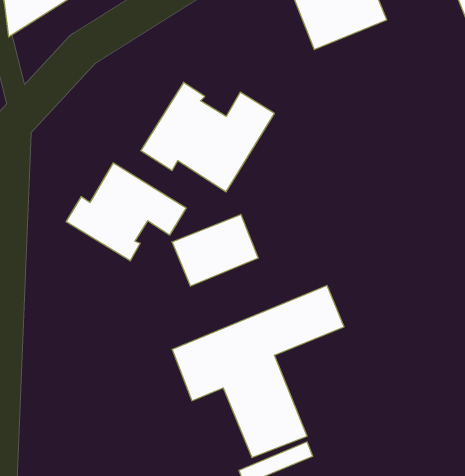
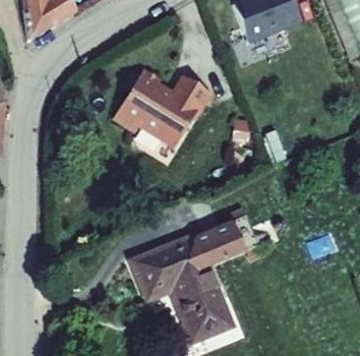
building: [66,163,186,261] -> none
building: [172,214,258,286] -> none

